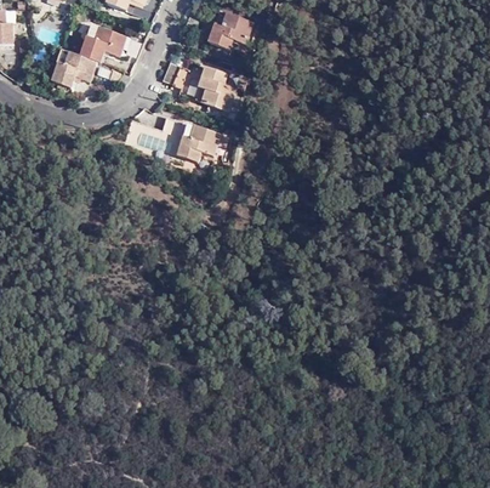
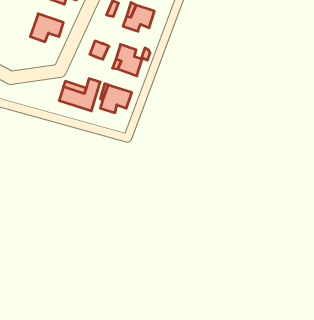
building: [52,50,97,87] -> none

